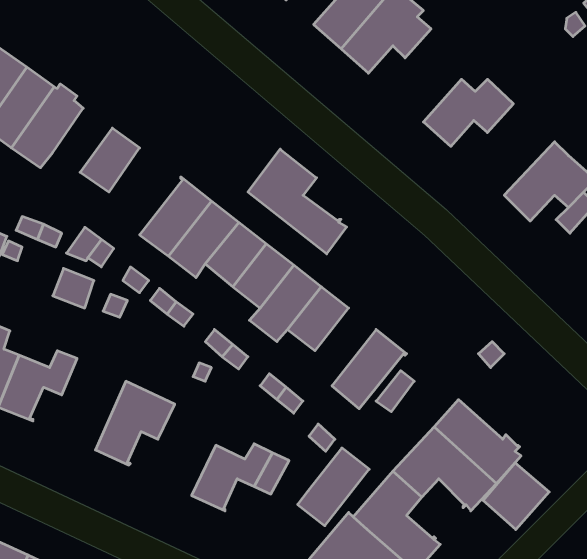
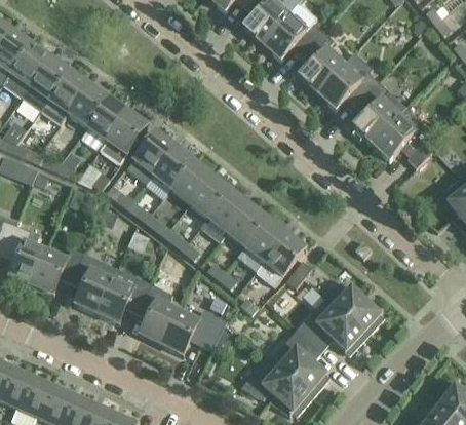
building: none -> [299,31,343,93]
building: none -> [353,81,405,143]
building: none -> [68,84,108,127]
building: none -> [99,111,148,165]
building: [248,149,347,254] -> none
building: none -> [74,253,118,314]
building: none -> [139,283,178,345]
building: [298,448,369,526] -> [237,219,285,271]
building: [483,463,549,530] -> none

